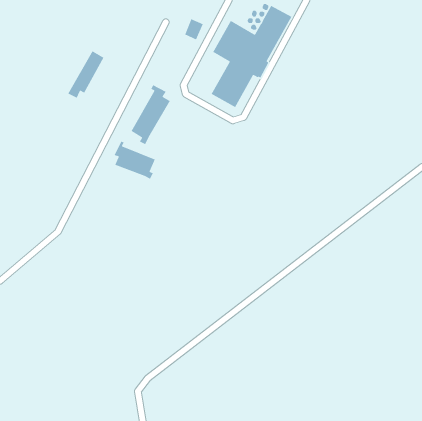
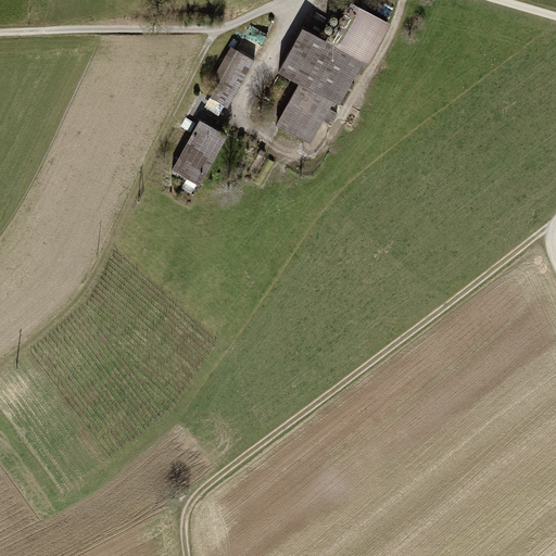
building: [67,50,104,99] -> [205,50,254,114]
building: [114,140,156,180] -> none

